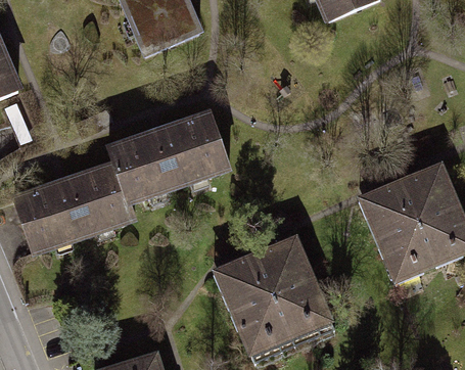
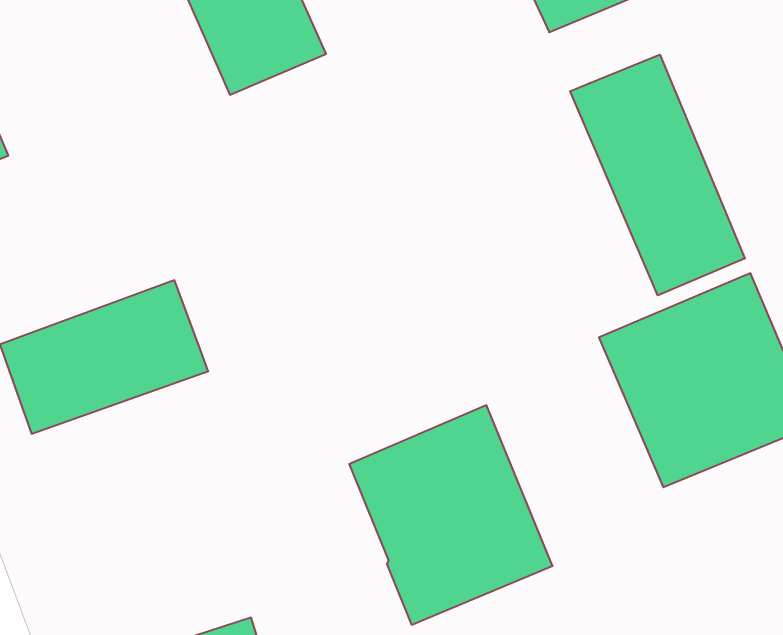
building: none -> [570,55,745,295]
building: [109,115,229,203] -> none

